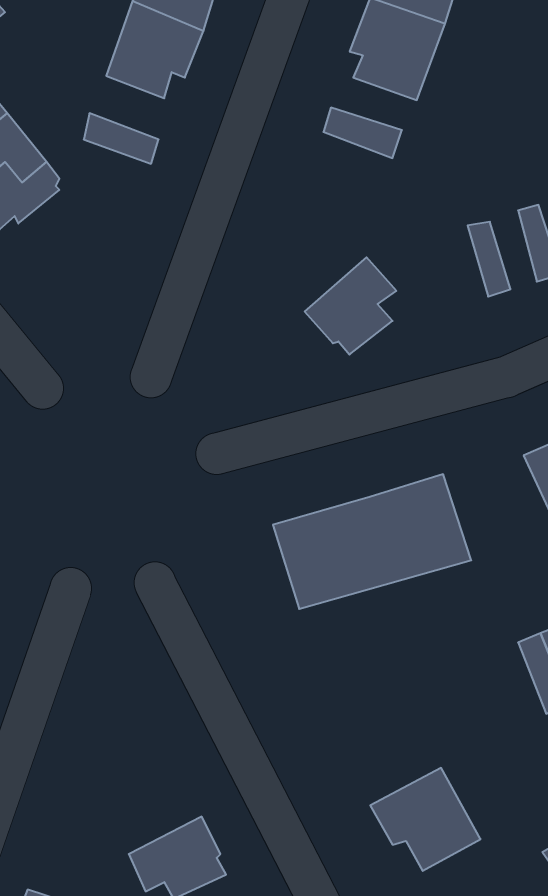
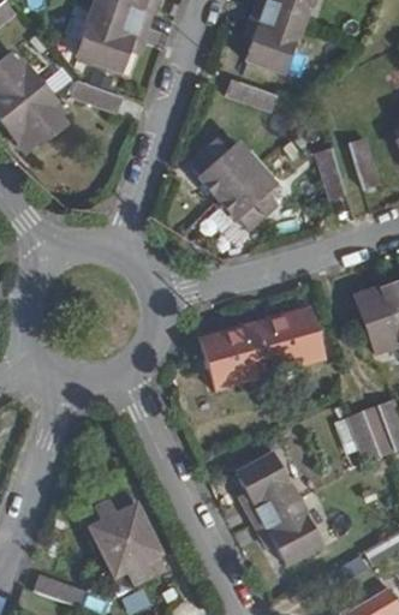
building: none -> [191,145,254,203]
building: none -> [242,452,302,520]
building: none -> [89,494,148,551]

